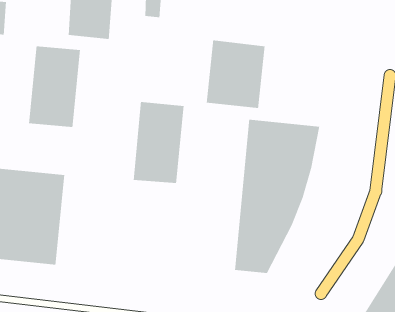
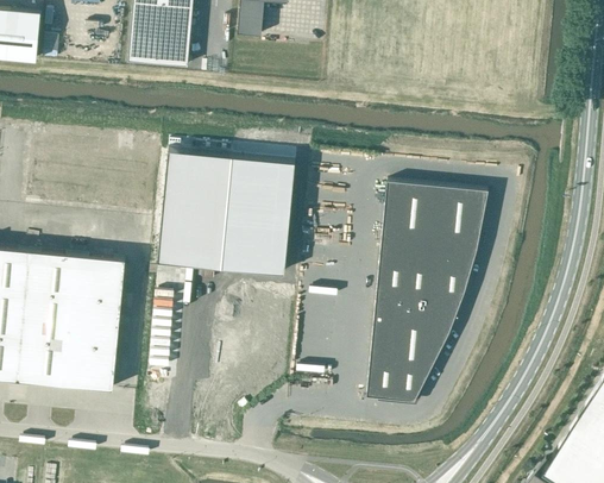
building: [206,39,265,109] -> none
building: [28,45,81,128] -> [157,151,232,269]

